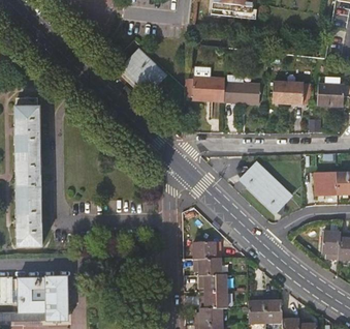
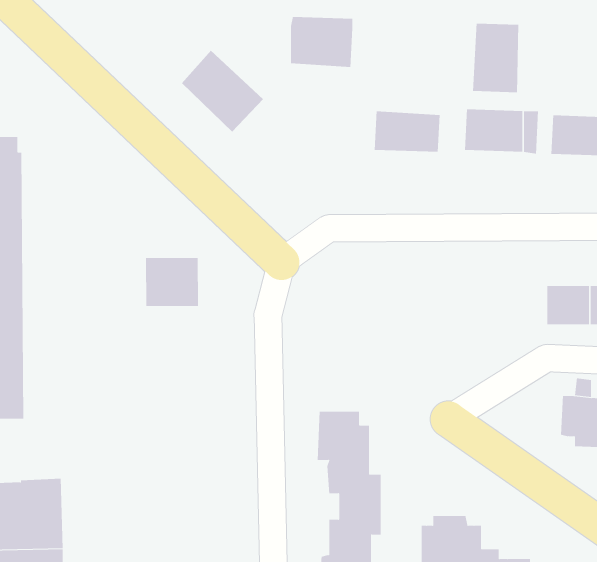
building: none -> [473,23,519,93]
building: [192,76,225,102] -> [290,16,353,67]
building: none -> [145,257,199,307]
building: [242,160,292,211] -> none

